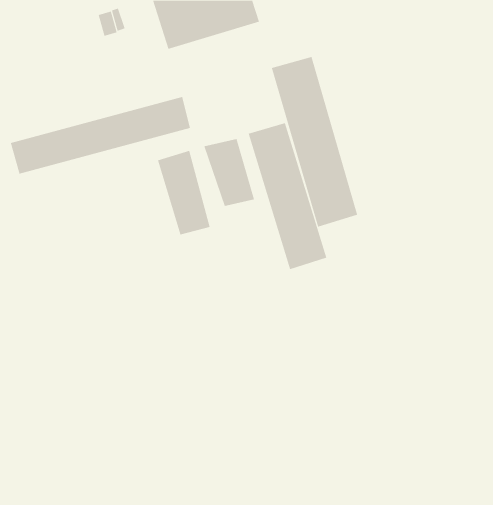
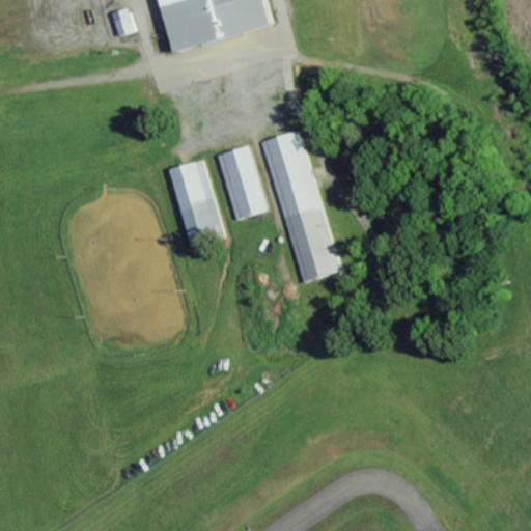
building: [271,56,358,228] -> none
building: [10,96,191,174] -> none

